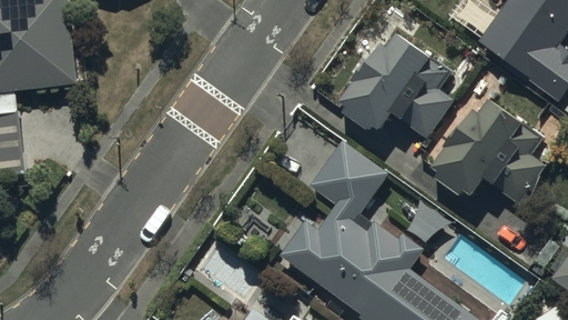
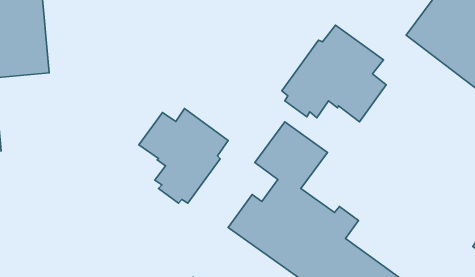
building: [429,100,546,202] -> none
building: none -> [139,109,228,203]

